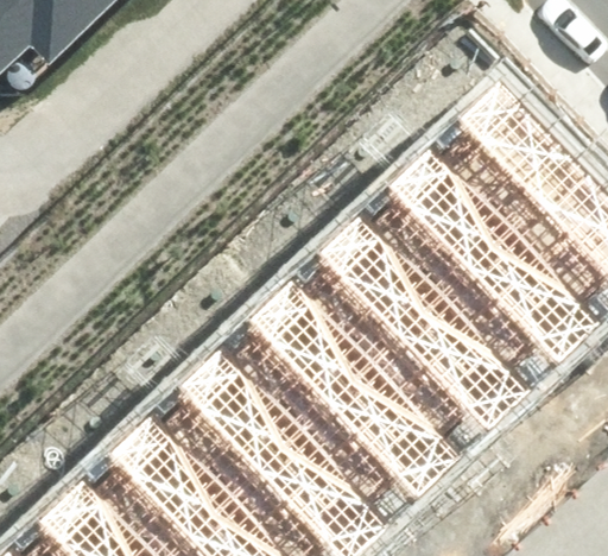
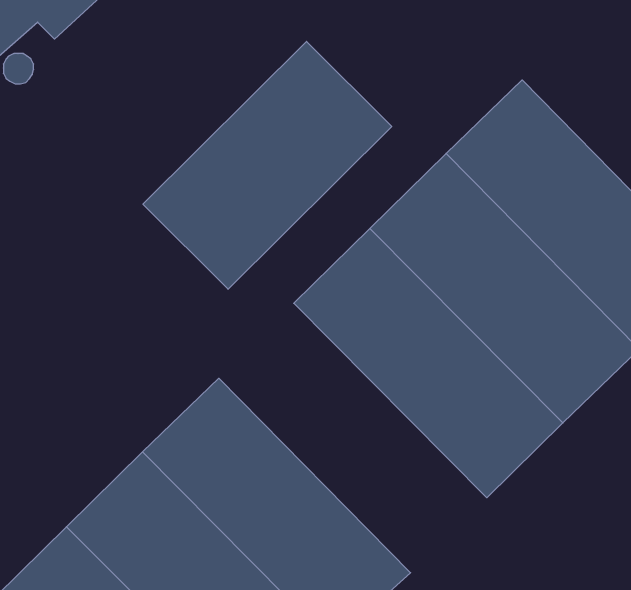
building: none -> [143,41,392,289]
building: [207,289,449,532] -> none

